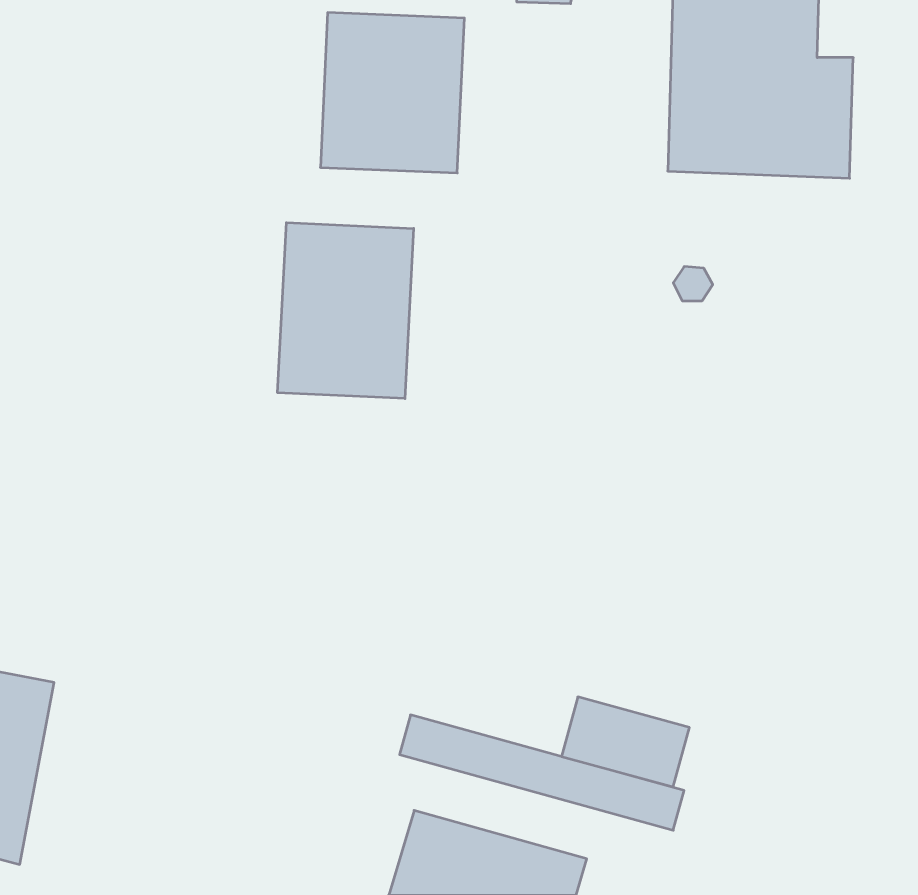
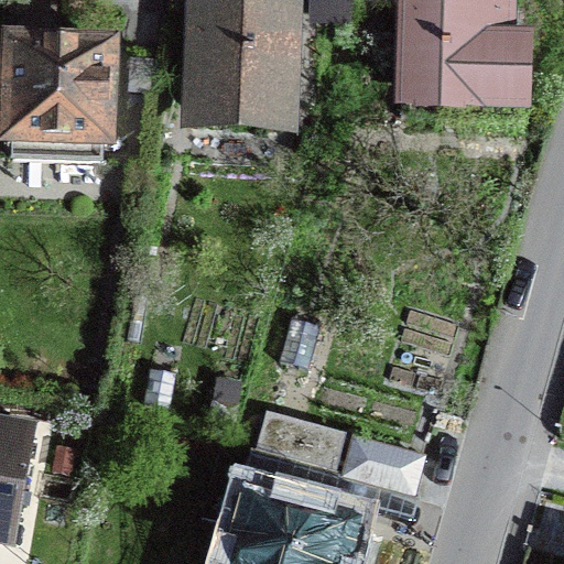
building: none -> [7,33,109,150]
building: [278,223,414,399] -> none

